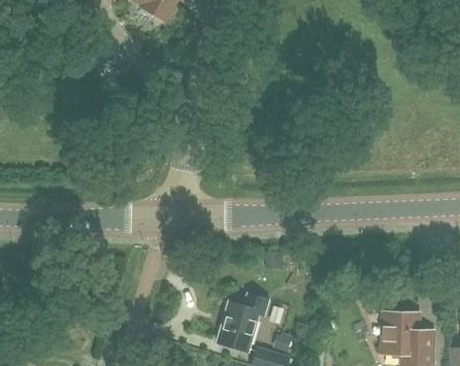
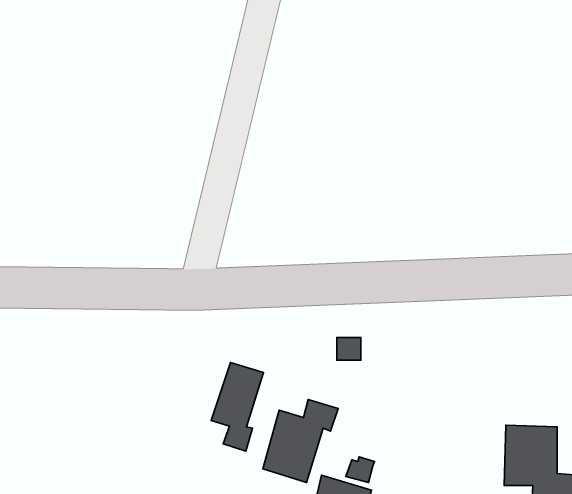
building: none -> [211,362,264,451]

